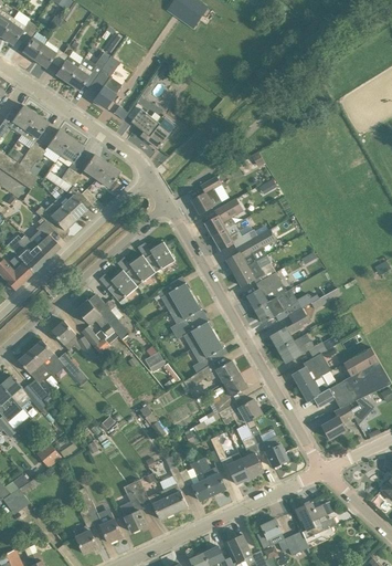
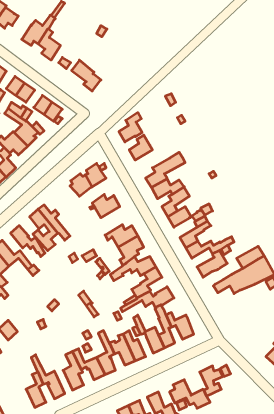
building: [54,50,83,82] -> none
building: [212,223,256,250] -> none
building: [107,270,140,303] -> none
building: [168,296,200,333] -> none
building: [299,375,336,401] -> none
building: [321,396,375,439] -> none

